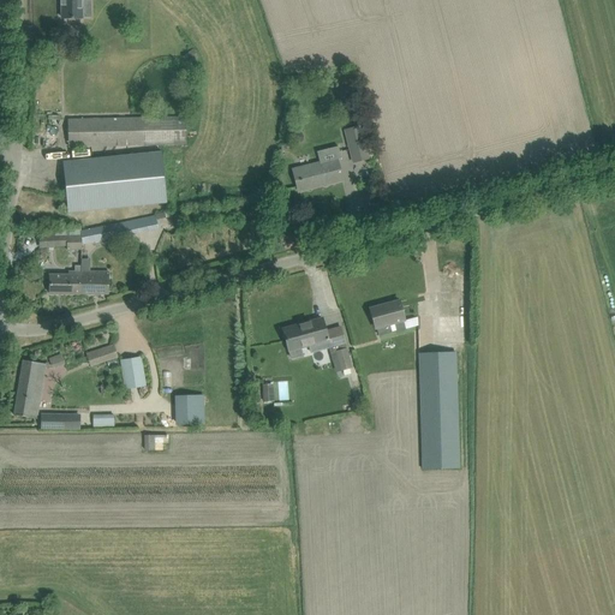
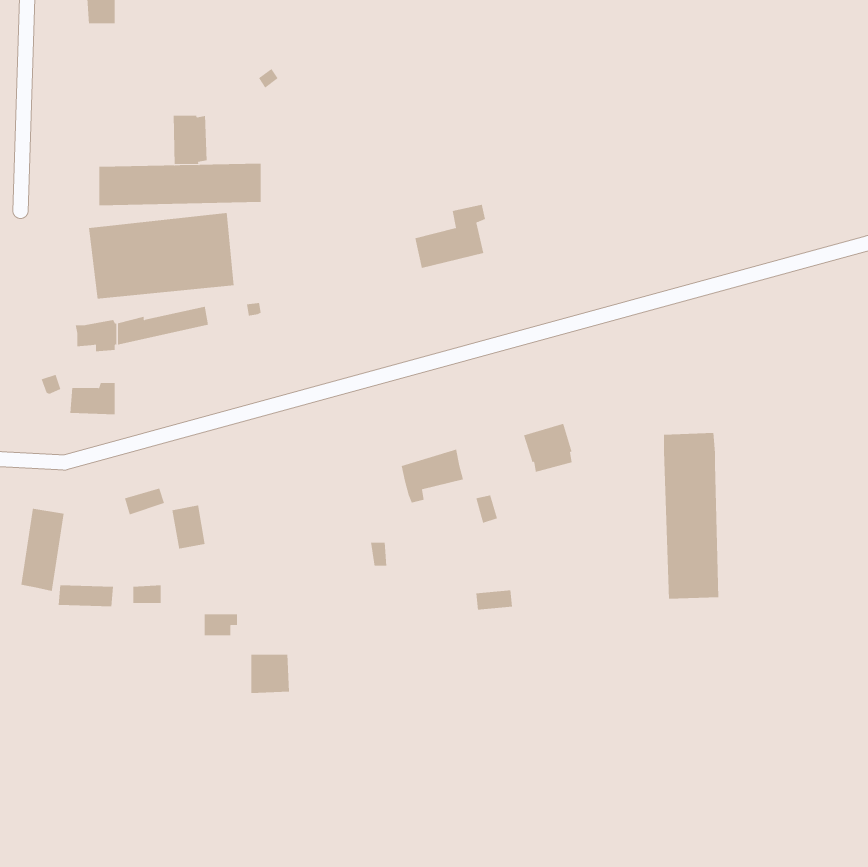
building: none -> [173,115,207,165]
building: [345,123,370,160] -> none
building: [82,270,109,293] -> none
building: [419,351,459,468] -> [663,433,719,599]
building: [177,395,204,423] -> [251,654,290,693]

